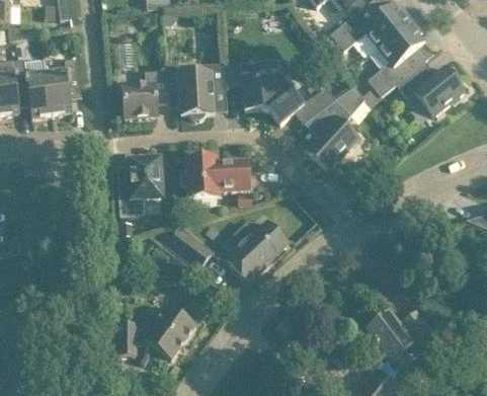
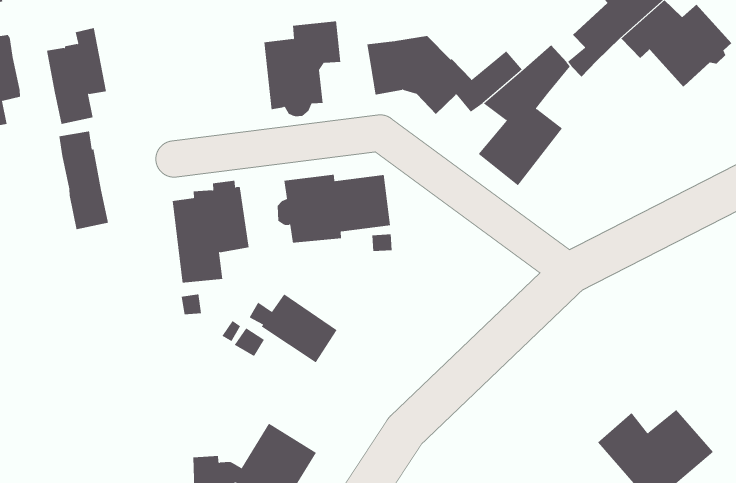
building: [24,59,52,118] -> [59,131,109,230]
building: [121,70,169,118] -> none
building: [224,221,288,284] -> none

